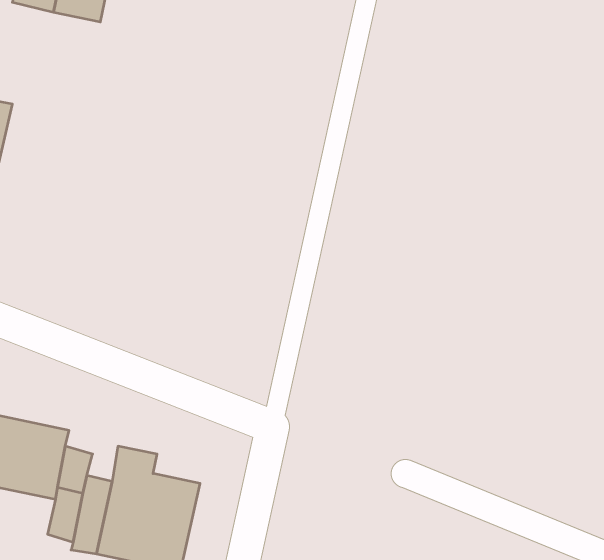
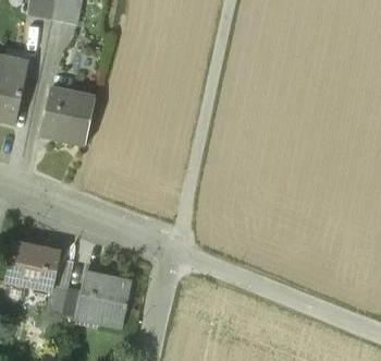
building: none -> [39,88,95,146]

